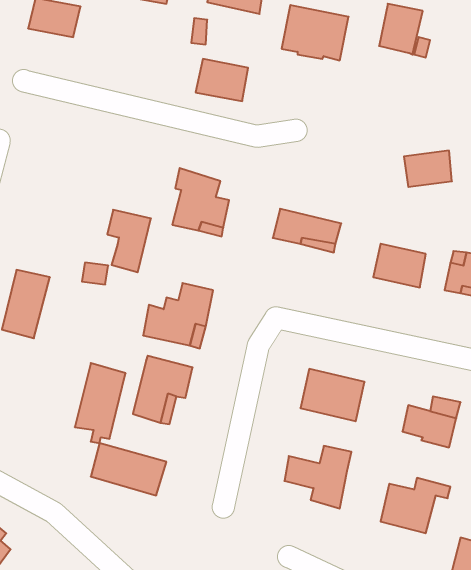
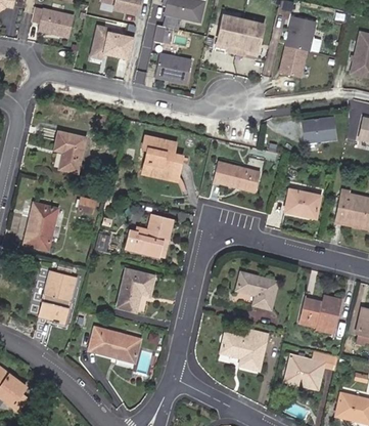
building: none -> [95,29,135,60]
building: none -> [281,45,308,77]
building: [107,210,151,272] -> [59,131,90,175]
building: [75,363,126,443] -> [35,271,71,328]

